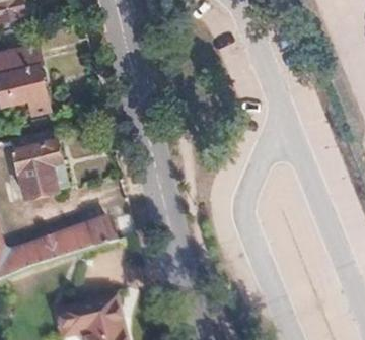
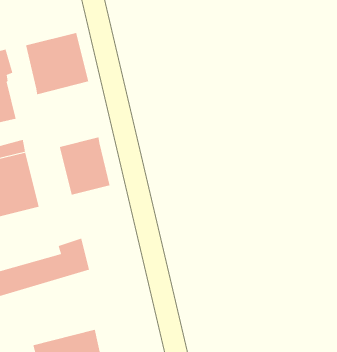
building: none -> [25,32,89,95]
building: none -> [59,136,110,195]

